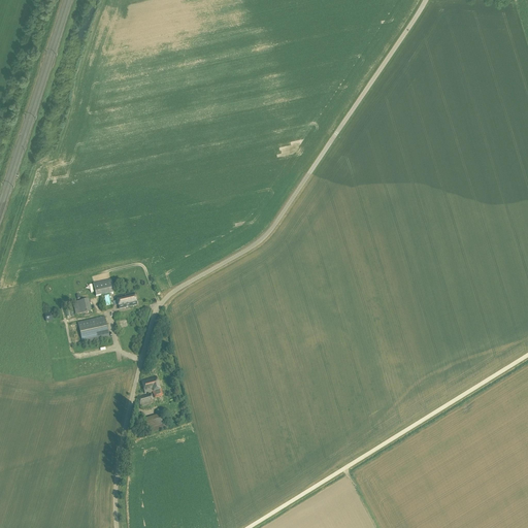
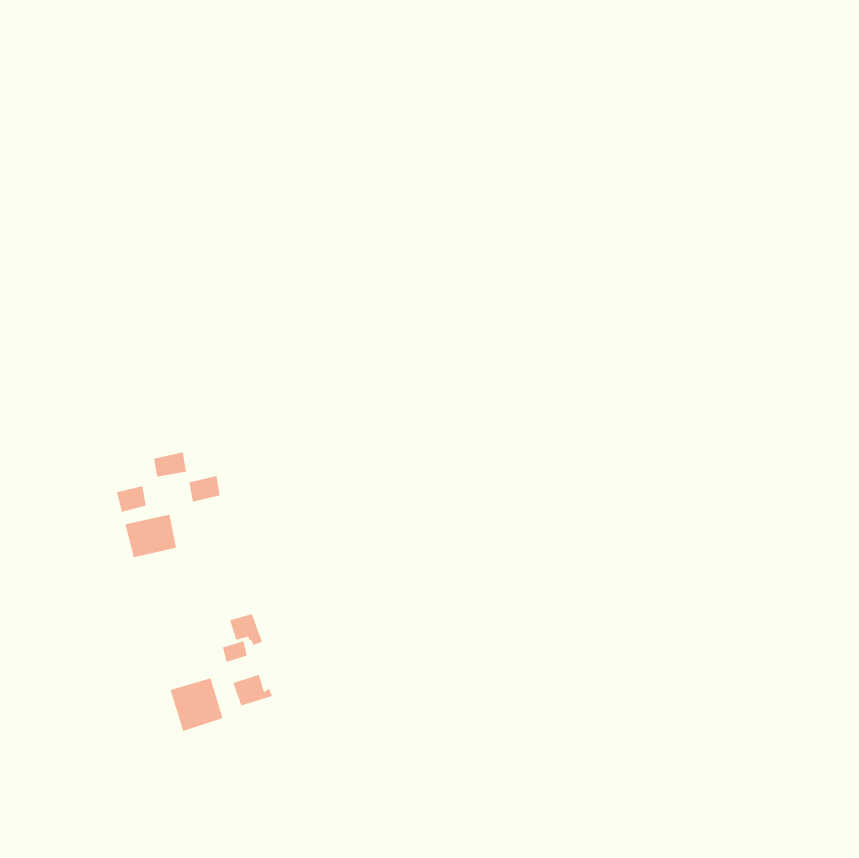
building: none -> [170,678,223,732]

